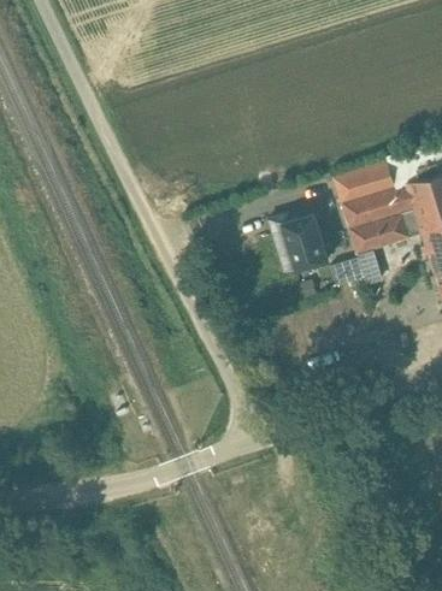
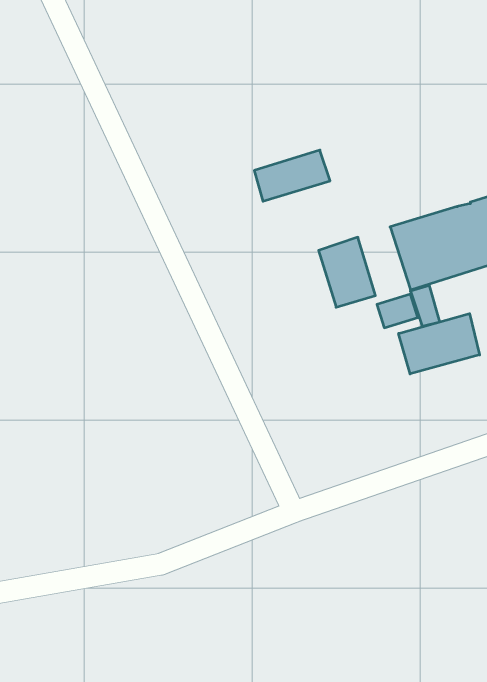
building: [332,162,395,205] -> [254,150,330,201]
building: none -> [399,314,480,374]

